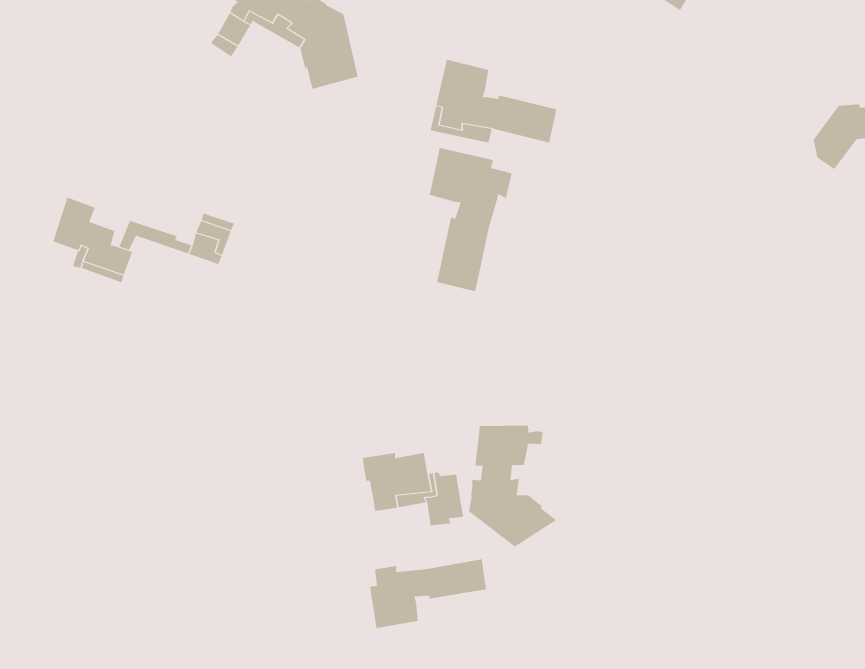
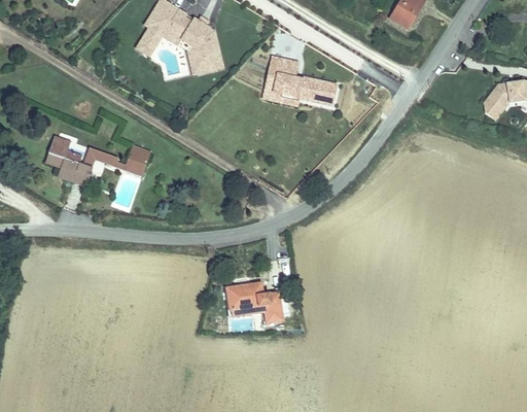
building: [429,147,512,292] -> none
building: [468,425,557,547] -> none
building: [369,559,486,629] -> none

